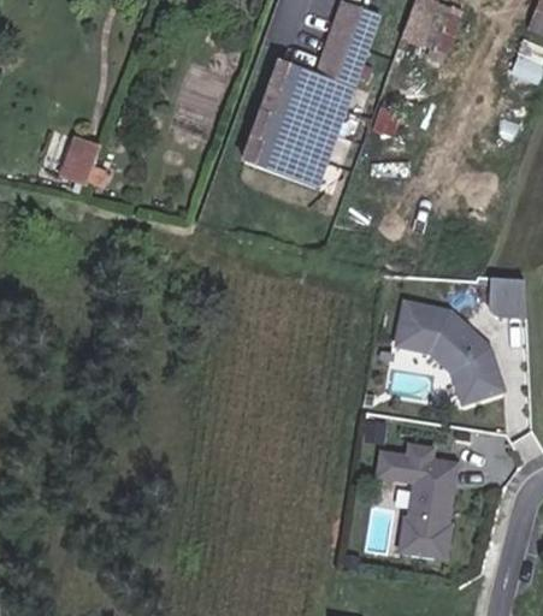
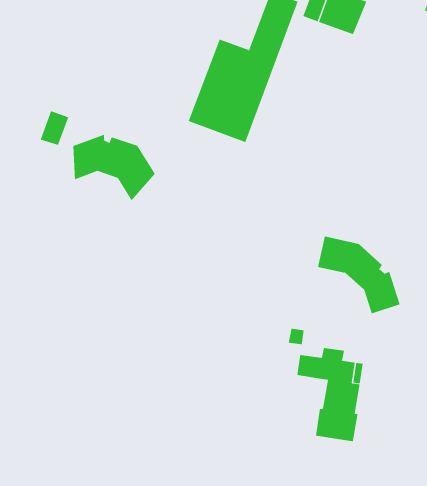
building: none -> [73,134,155,201]
building: [489,277,529,316] -> none

